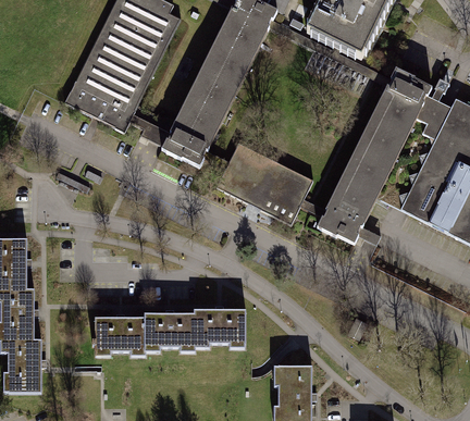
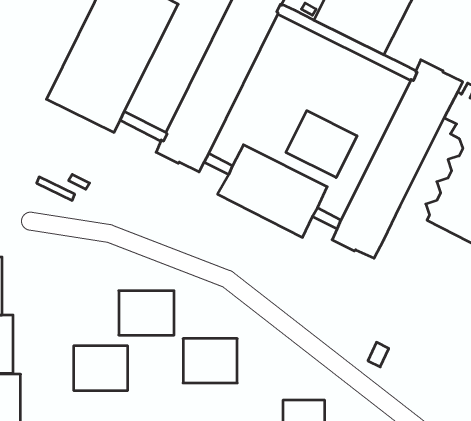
building: none -> [286,111,357,178]
building: [137,315,186,355] -> [119,291,174,335]

